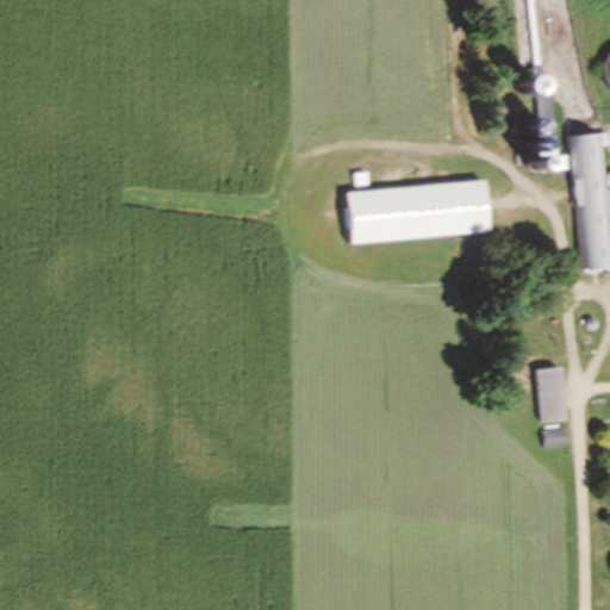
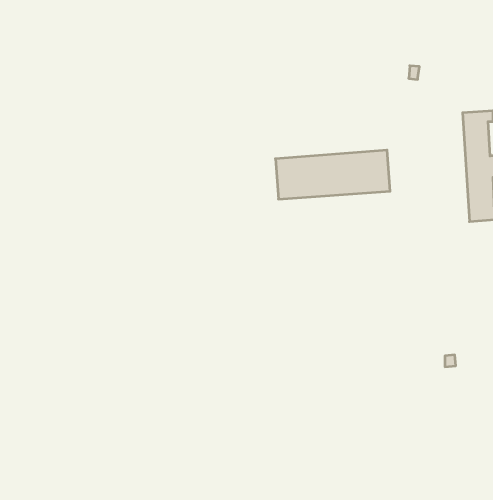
building: [535,366,566,421] -> none

